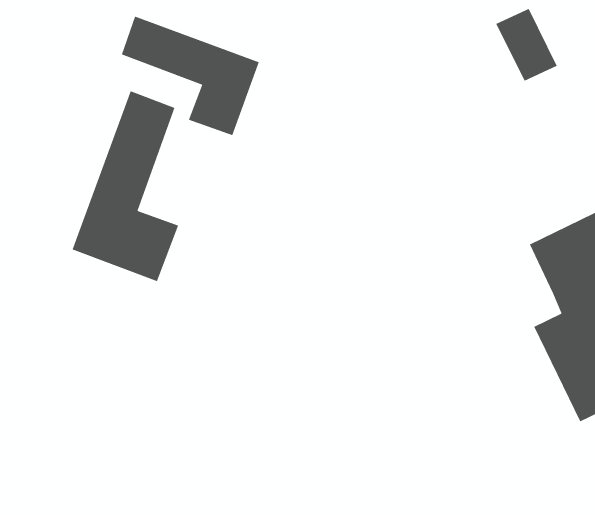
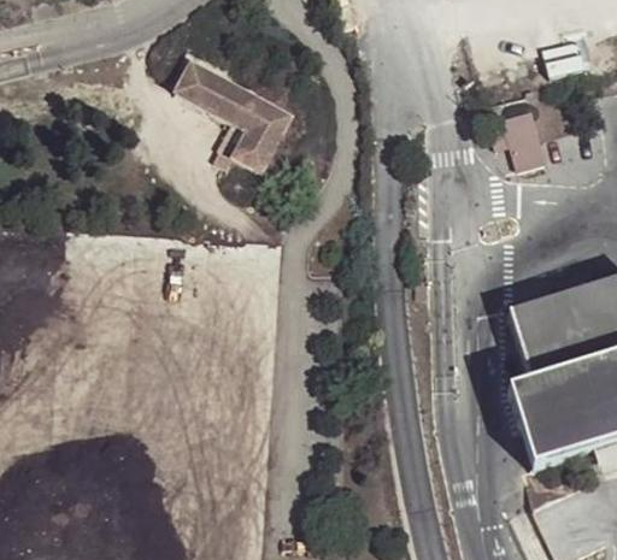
building: [71,90,179,282] -> none

